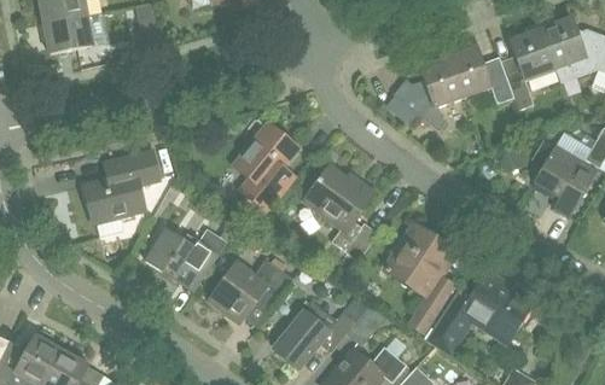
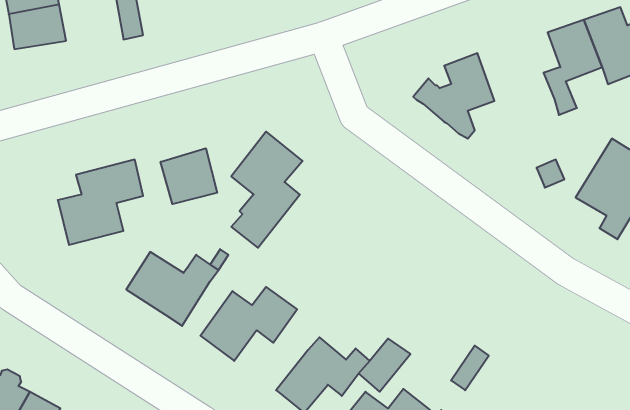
building: [448,46,514,104] -> none
building: none -> [161,148,217,204]
building: [303,165,378,261] -> none
building: [384,223,450,332] -> none
building: [460,270,533,343] -> none

